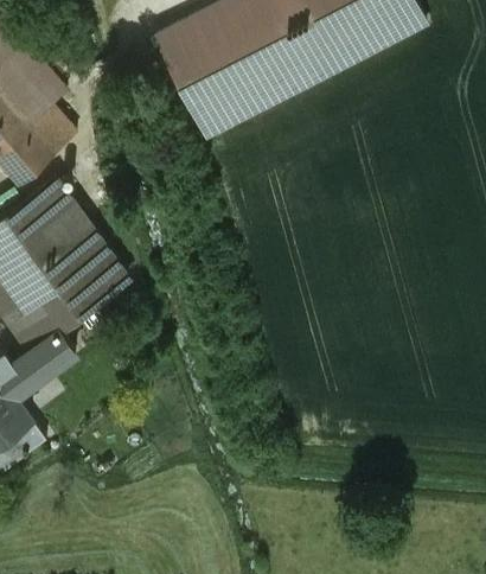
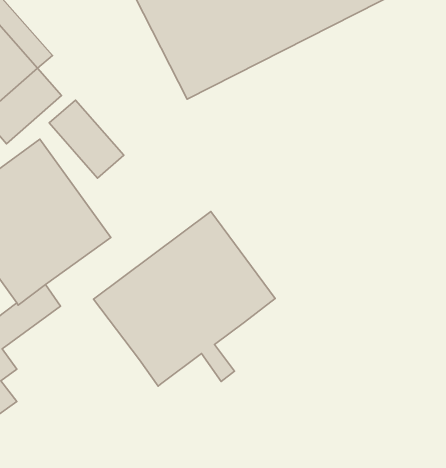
building: none -> [49,100,124,178]
building: none -> [94,211,275,386]

